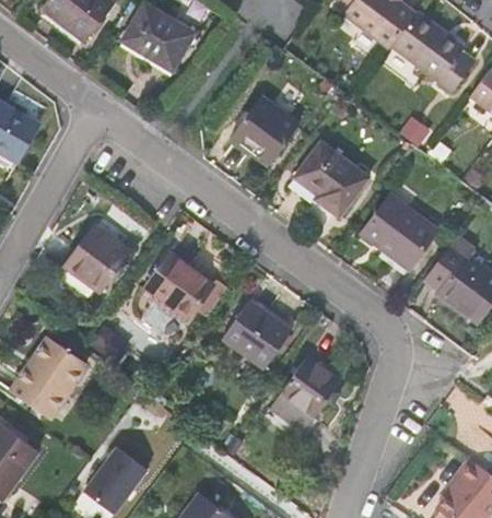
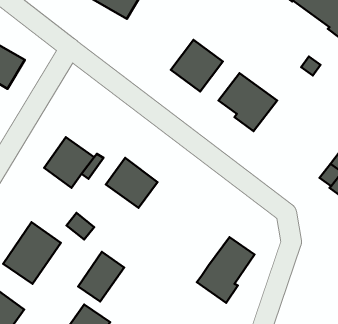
building: [361,195,441,271] -> none
building: [222,299,292,368] -> none
building: none -> [78,252,124,302]

